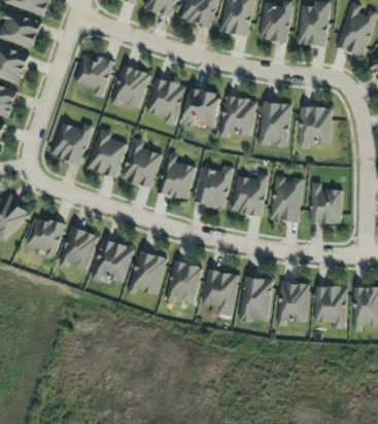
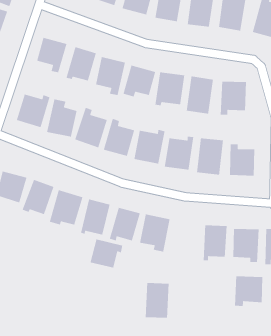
building: [242,278,272,322] -> [145,282,169,319]
building: none -> [89,238,123,269]
building: none -> [234,276,263,307]

